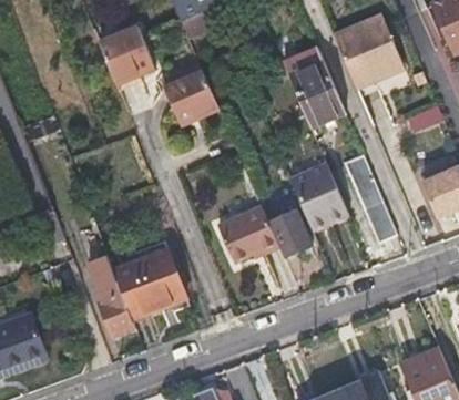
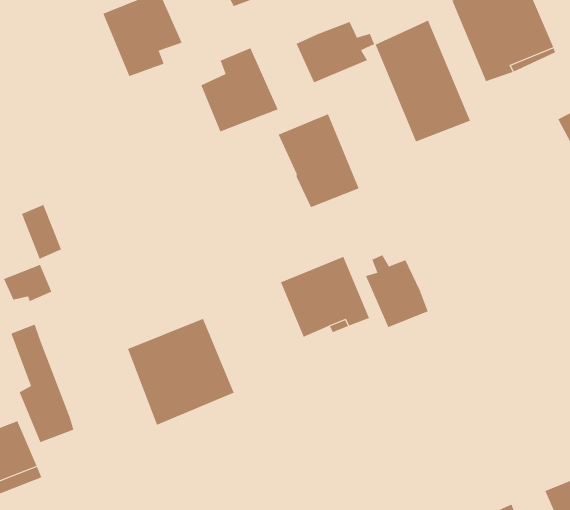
building: none -> [296,21,375,83]
building: [343,154,397,242] -> none
building: [290,164,346,228] -> [278,113,359,208]
building: [92,256,135,337] -> [11,324,74,443]

